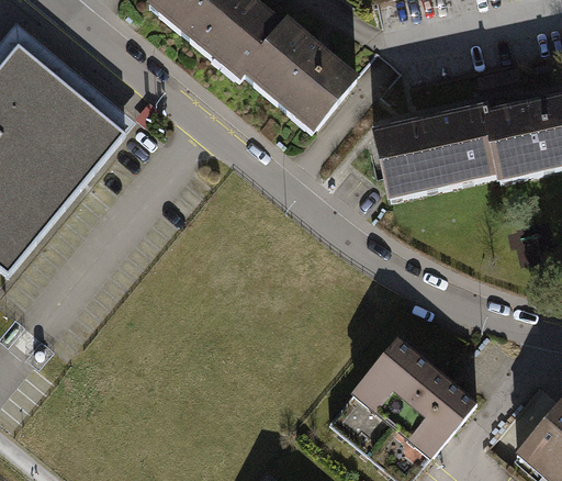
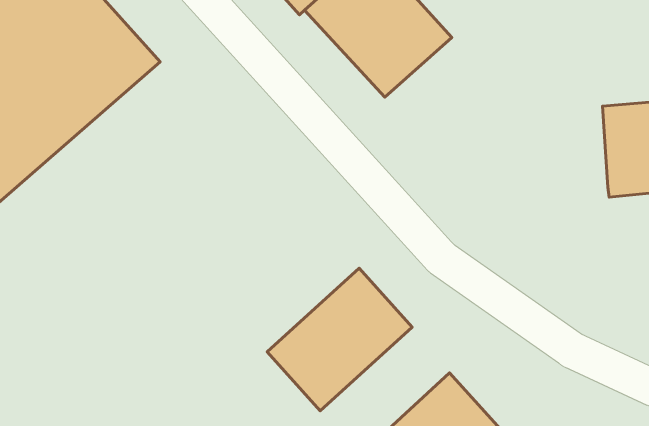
building: [373,104,498,200] -> none
building: none -> [267,268,412,411]

